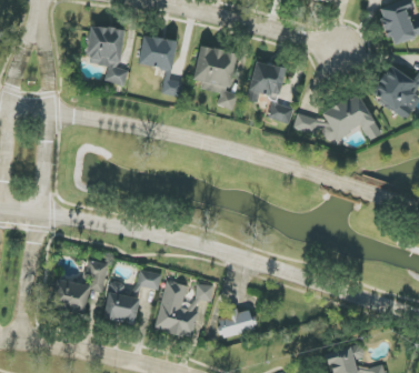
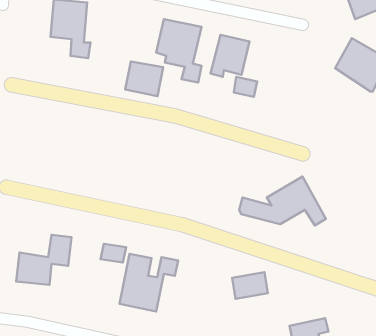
building: [139,36,177,70] -> [125,62,163,96]
building: [295,92,381,141] -> [239,177,326,225]
building: [104,281,139,324] -> none
building: [218,310,253,336] -> [232,272,268,299]

